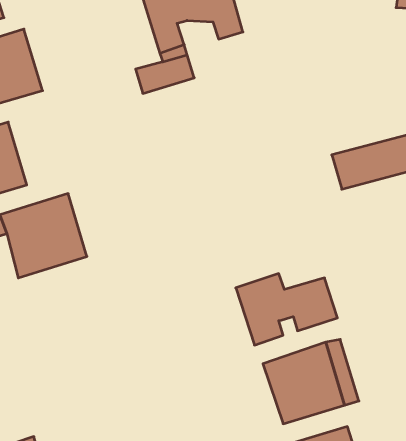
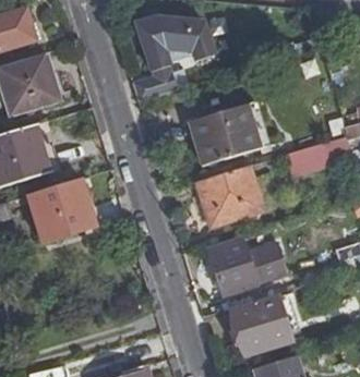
building: none -> [189,99,268,163]
building: none -> [196,156,280,224]

